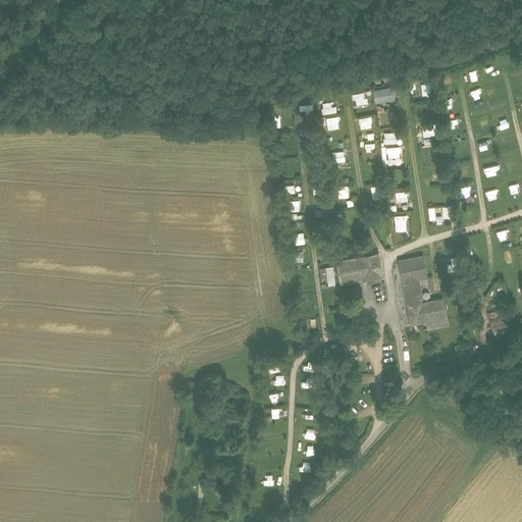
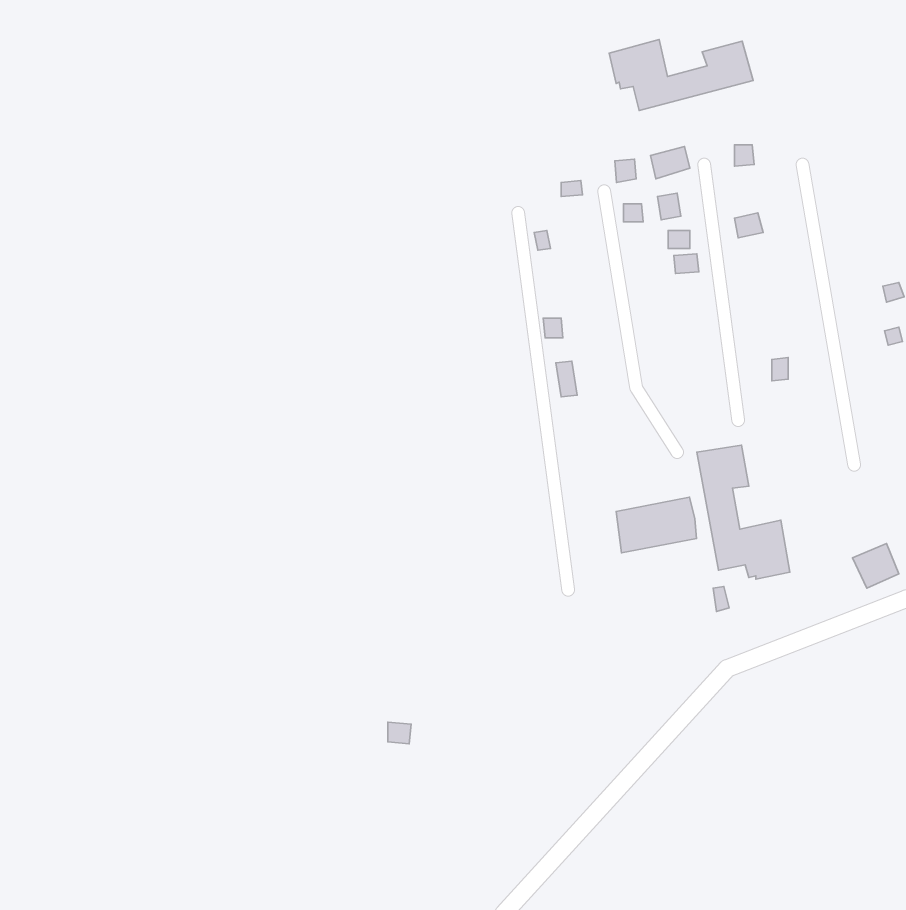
building: none -> [609,40,753,111]
building: [335,254,381,285] -> [616,497,697,553]

